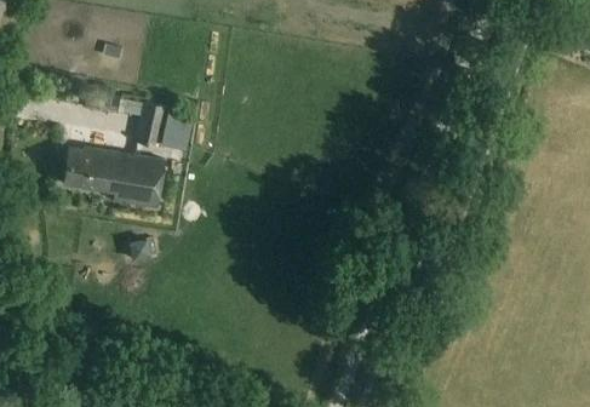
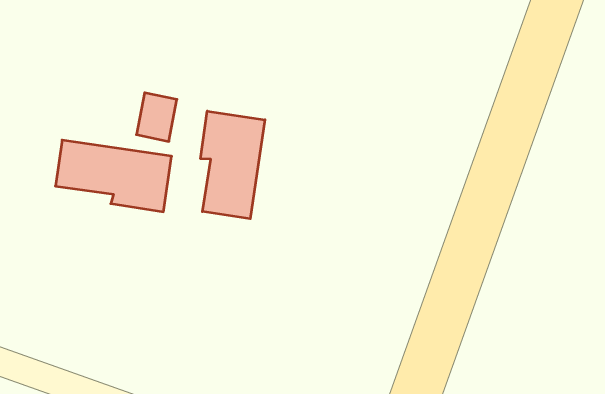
building: none -> [201,111,265,219]

